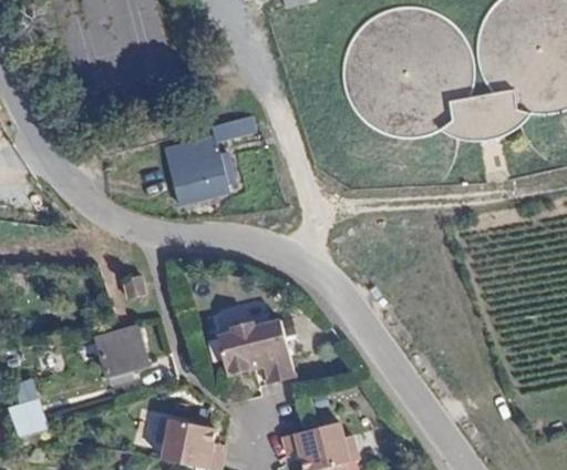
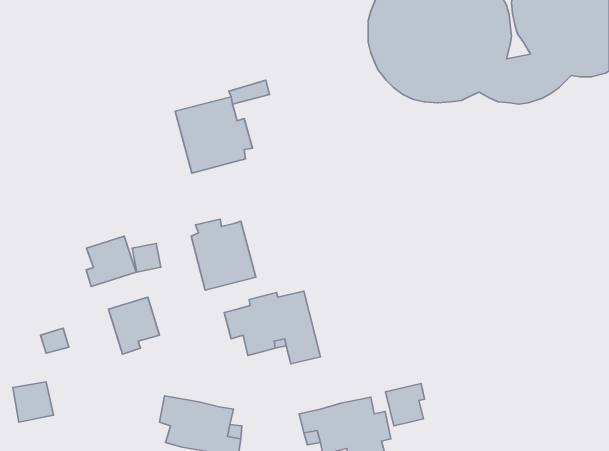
building: none -> [191,219,256,290]
building: none -> [86,236,136,286]
building: none -> [385,384,424,426]

